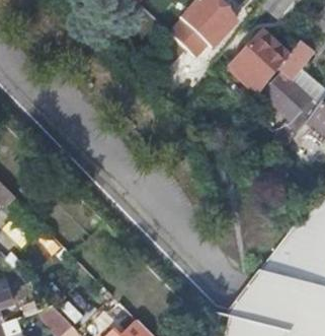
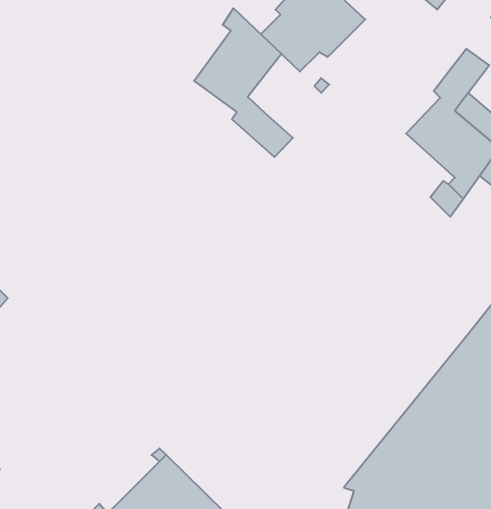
building: none -> [194,8,293,157]
building: [234,30,290,92] -> none

